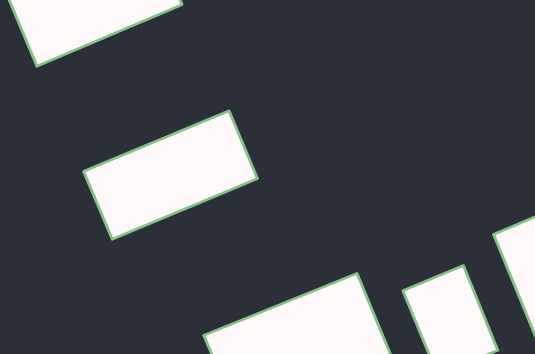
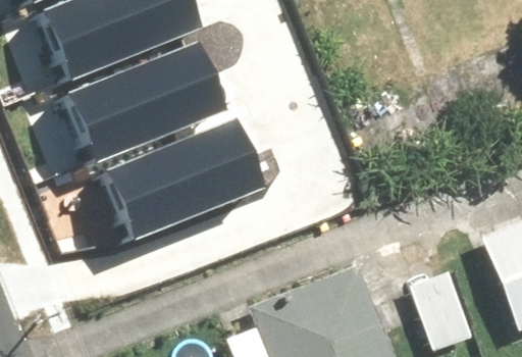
building: none -> [75,43,230,158]

